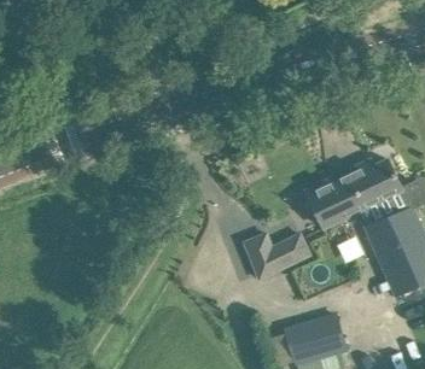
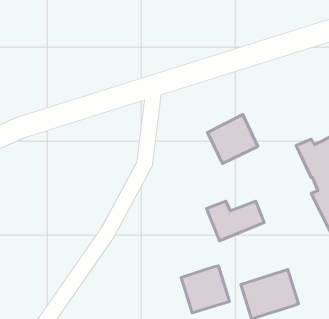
building: [307,171,363,227] -> [207,114,258,164]
building: none -> [181,266,229,313]

